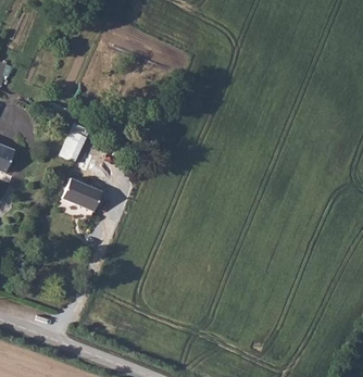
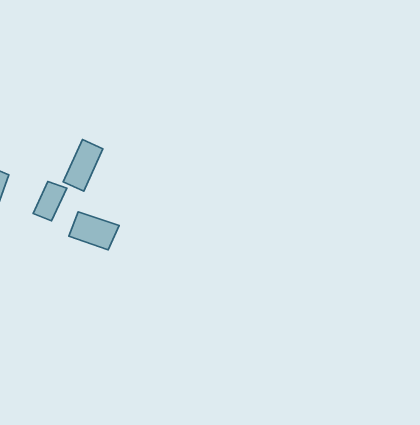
building: none -> [33,182,67,221]

